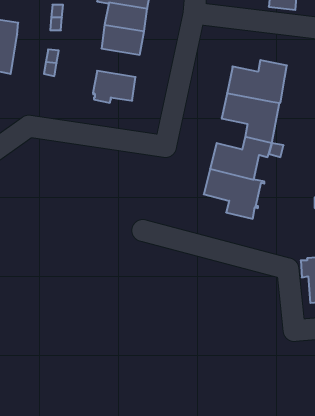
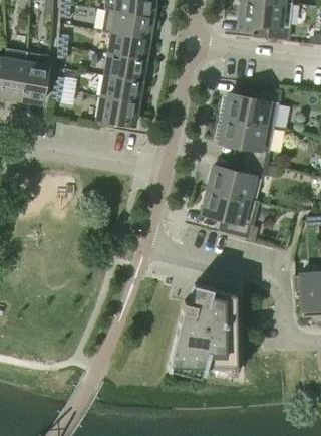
building: none -> [21,51,50,102]
building: none -> [102,75,142,102]
building: none -> [165,283,238,385]

